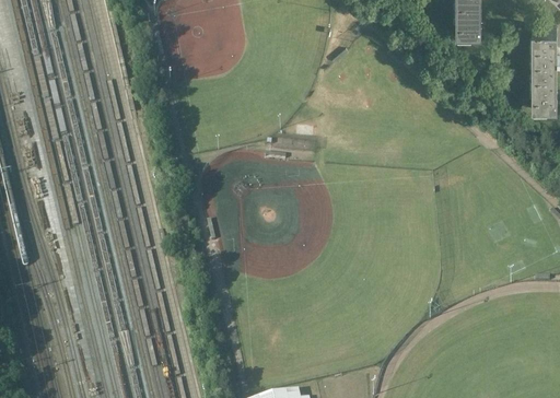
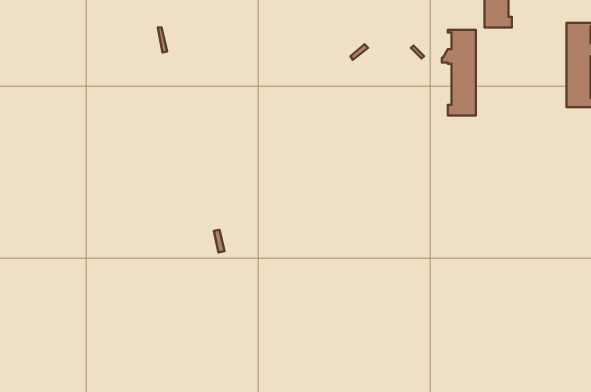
building: none -> [442,30,476,116]

